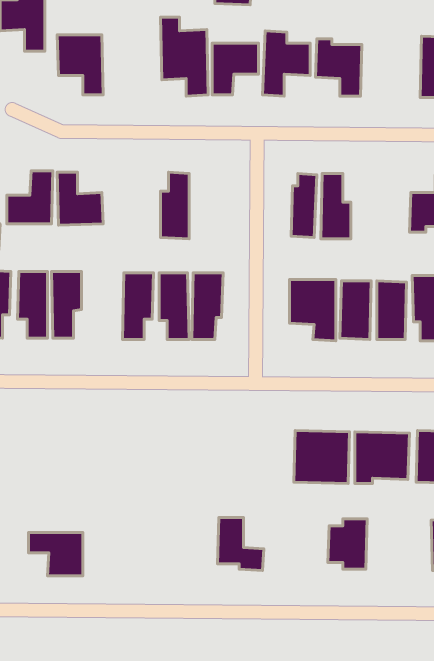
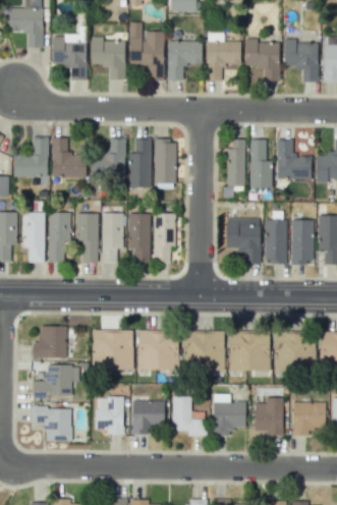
building: none -> [91,36,125,79]
building: none -> [284,38,319,81]
building: none -> [92,137,126,176]
building: none -> [154,138,176,183]
building: none -> [277,138,313,179]
building: none -> [76,213,99,259]
building: none -> [33,325,67,358]
building: none -> [93,329,133,369]
building: none -> [137,330,179,370]
building: none -> [183,330,225,370]
building: none -> [33,364,78,397]
building: none -> [214,393,246,436]
building: none -> [96,396,124,434]
building: none -> [131,400,165,435]
building: none -> [293,401,326,436]

